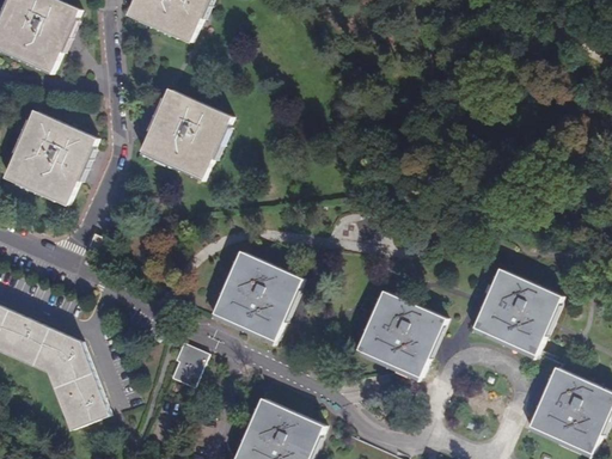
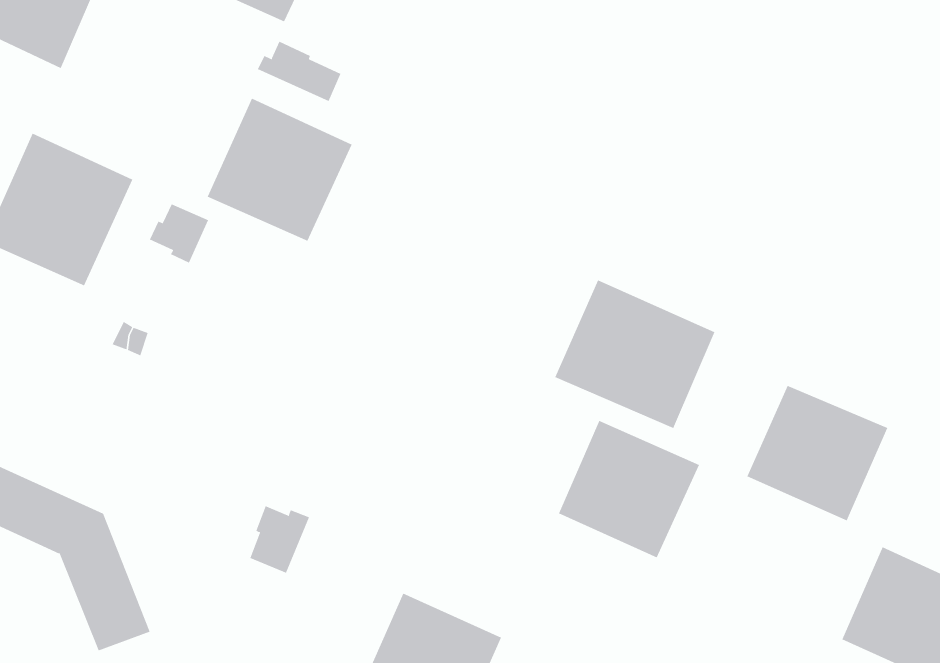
building: none -> [257,41,341,102]
building: none -> [149,204,209,263]
building: none -> [554,280,715,429]
building: [214,250,302,338] -> none

